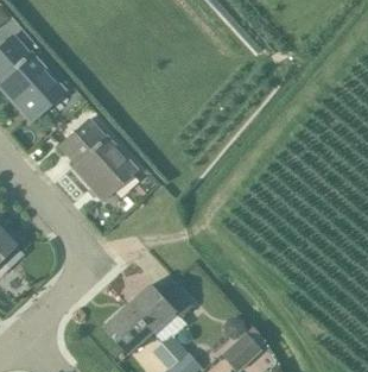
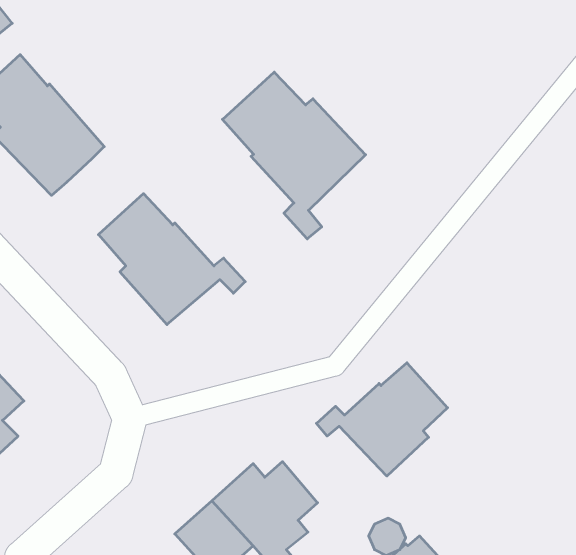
building: none -> [222,72,366,239]
building: none -> [316,363,448,476]

